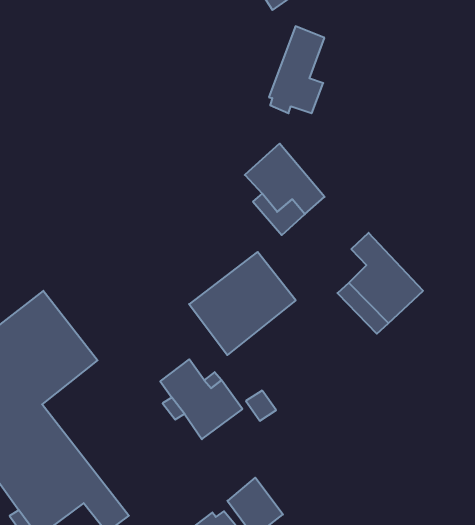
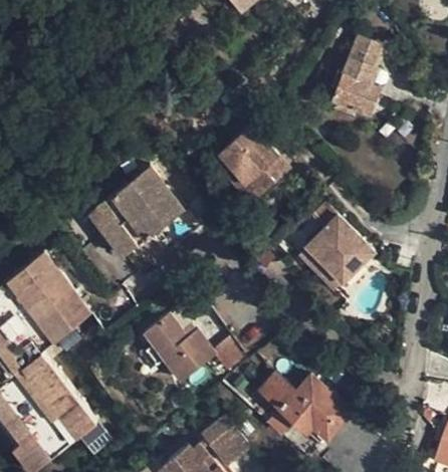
building: [269,26,324,113] -> [334,38,383,113]
building: [189,252,296,355] -> [89,167,182,256]
building: none -> [259,372,353,445]

